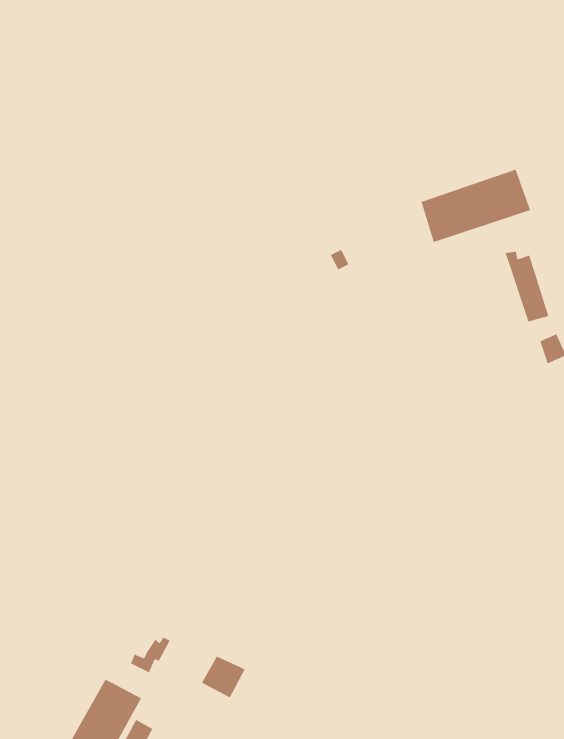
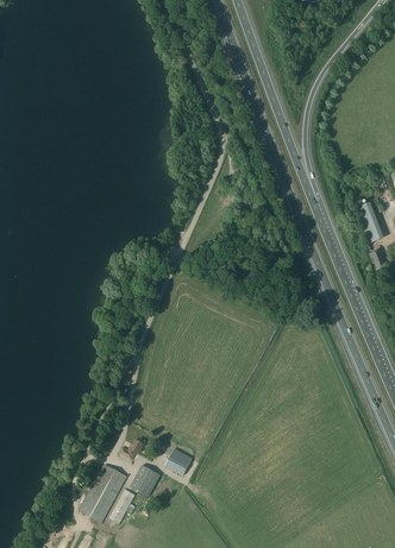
building: [421,169,531,243] -> none
building: none -> [131,464,161,495]

